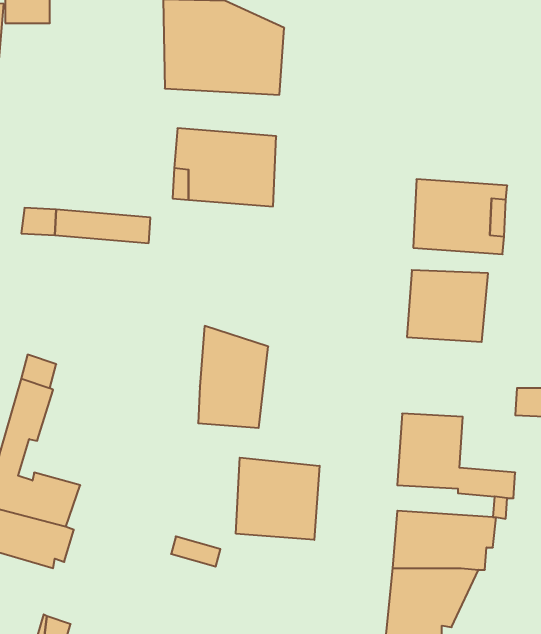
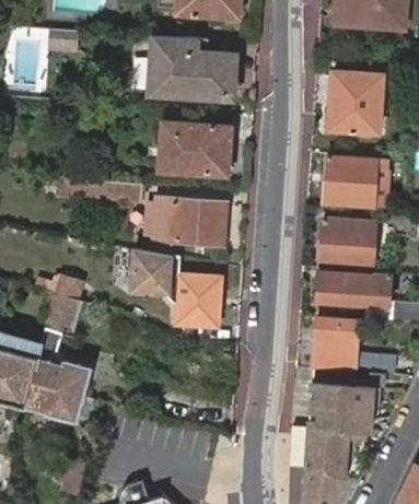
building: none -> [328,71,382,133]
building: none -> [148,198,224,247]
building: none -> [131,248,179,300]
building: none -> [316,272,392,306]
building: [236,458,320,540] -> none

